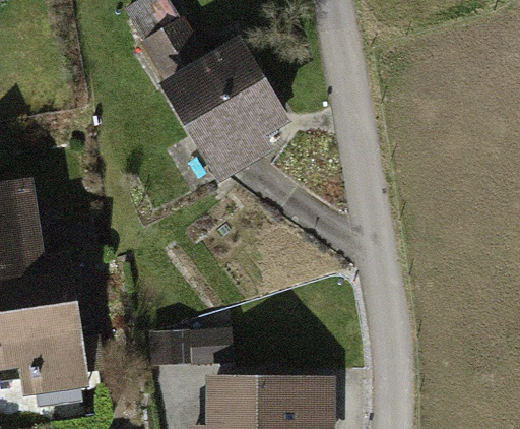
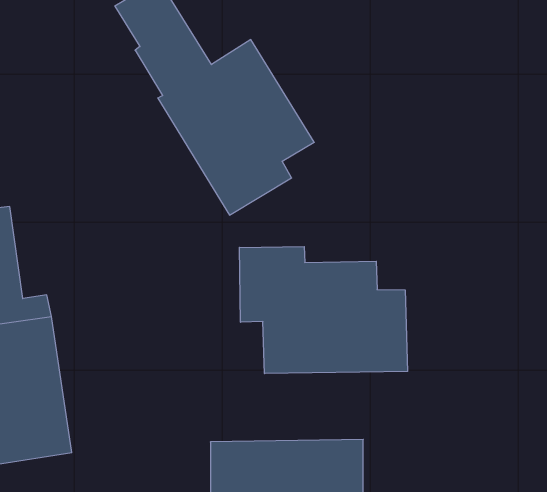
building: none -> [239,247,408,374]

